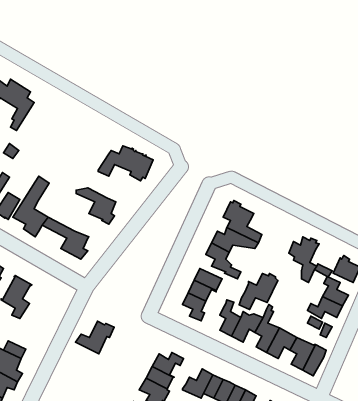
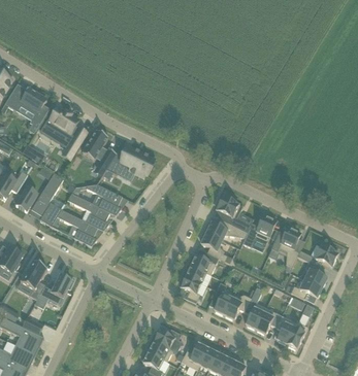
building: none -> [40,106,82,159]
building: none -> [83,131,116,168]
building: none -> [67,193,110,231]
building: [239,273,278,310] -> [242,215,276,247]
building: [75,321,114,354] -> [40,275,74,304]

